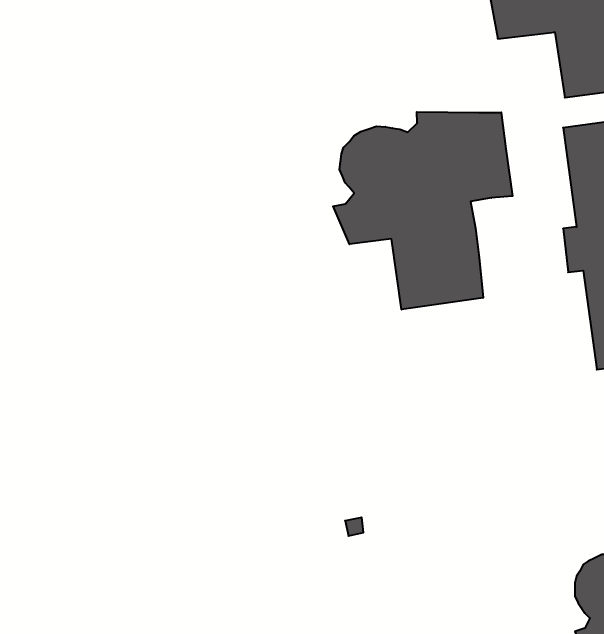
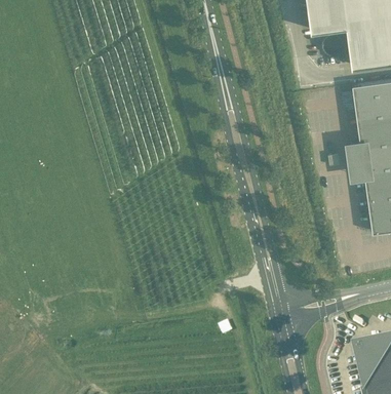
building: [333,112,513,310] -> none

